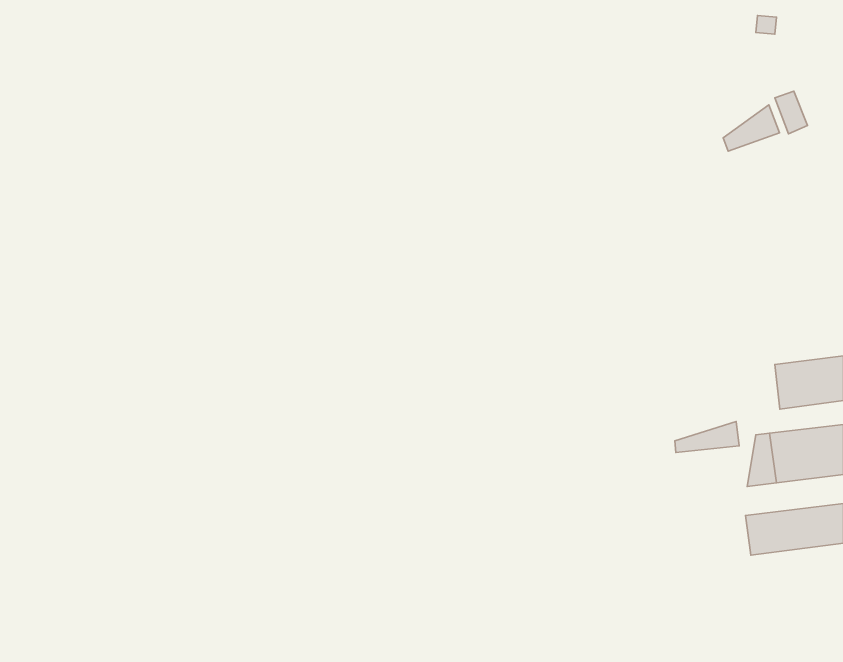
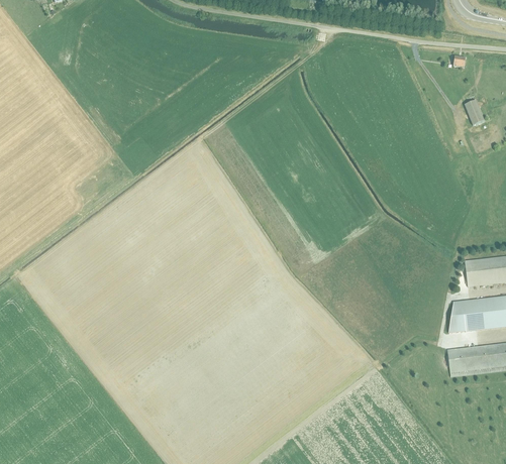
building: [723,105,780,151] -> none
building: [675,422,739,452] -> none

